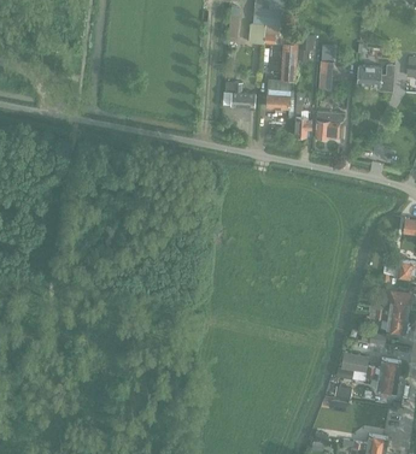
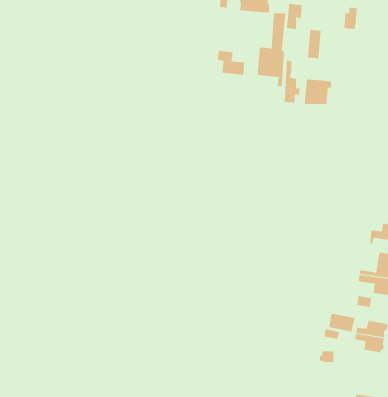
building: [356,64,393,90] -> none

